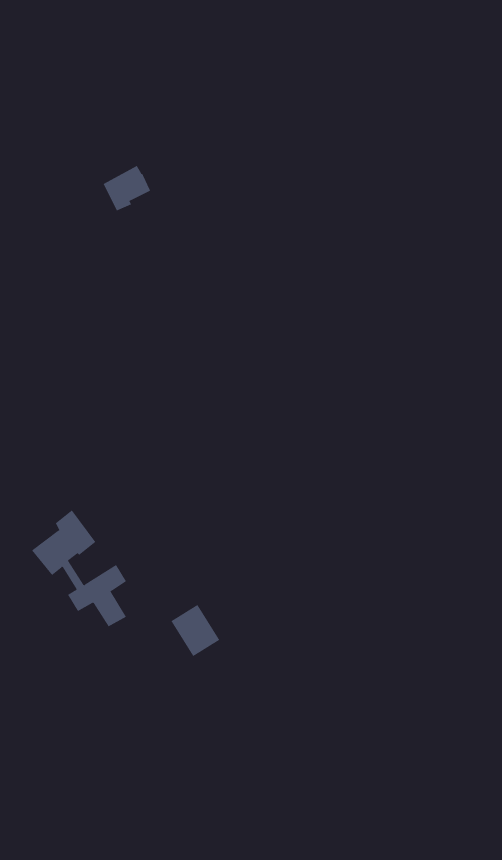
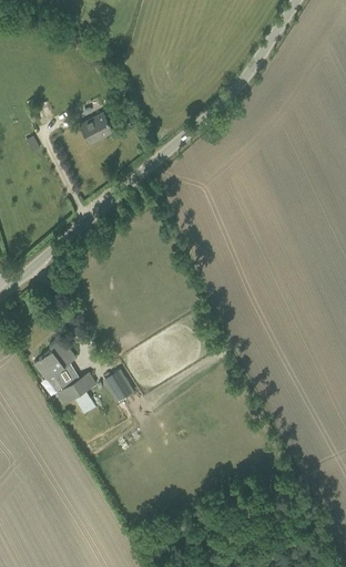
building: [171,604,220,657] -> [102,370,134,404]

